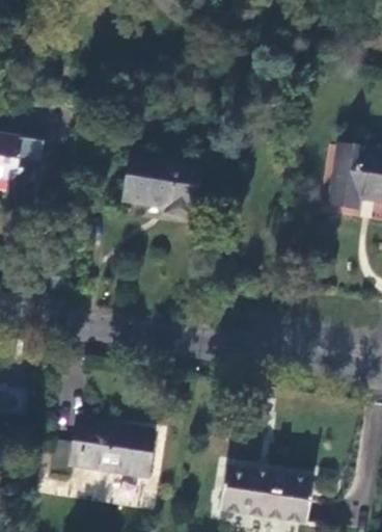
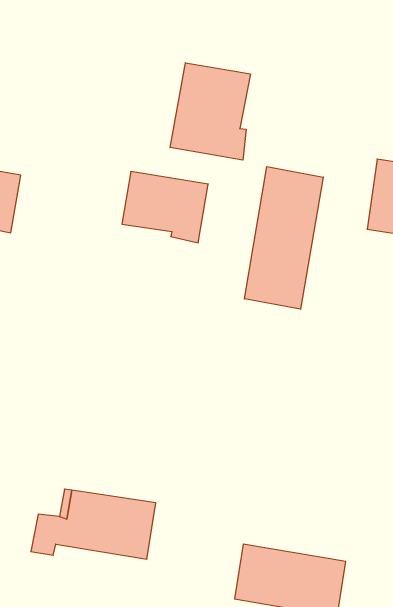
building: none -> [170,63,250,160]
building: none -> [244,167,323,309]

